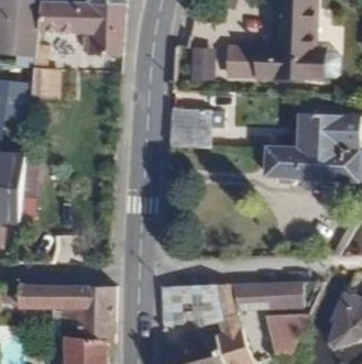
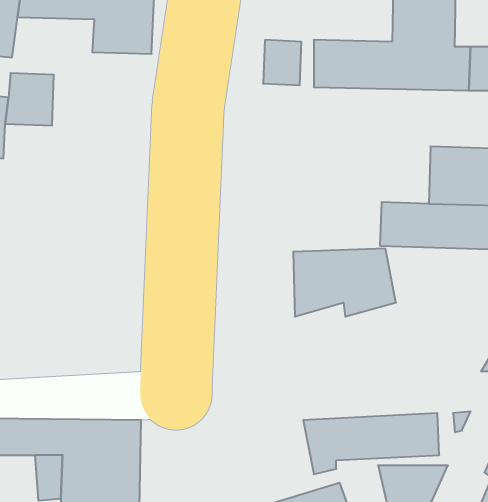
building: [168,109,211,146] -> none
building: [158,286,223,329] -> [293,249,396,317]

